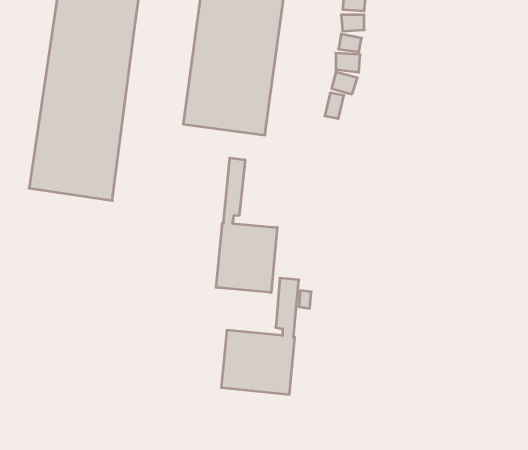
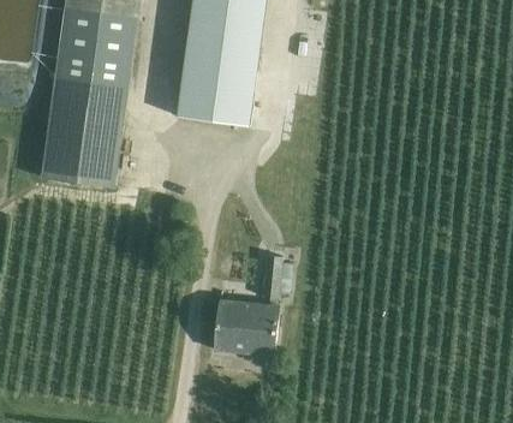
building: [216,158,277,293] -> none

